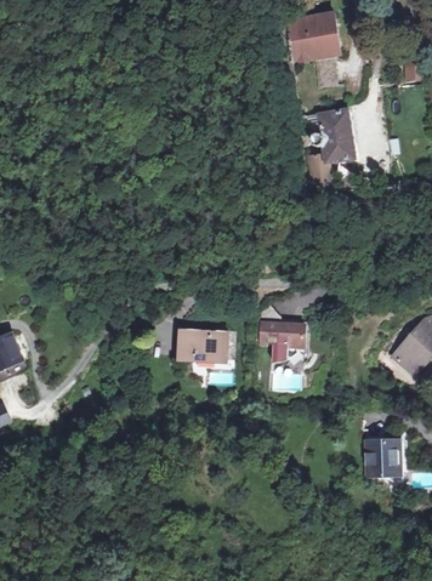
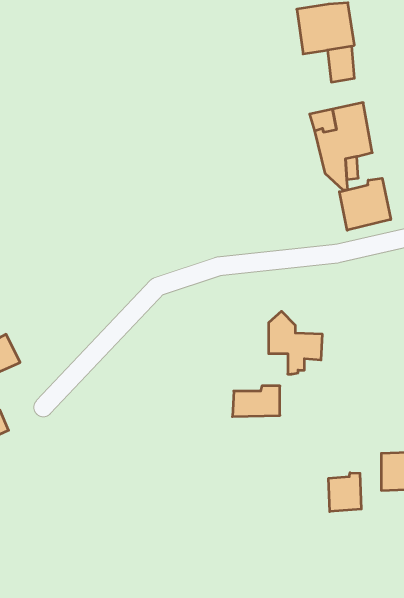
building: none -> [339,178,391,230]
building: [182,334,227,363] -> [232,386,280,417]
building: none -> [329,473,361,512]

